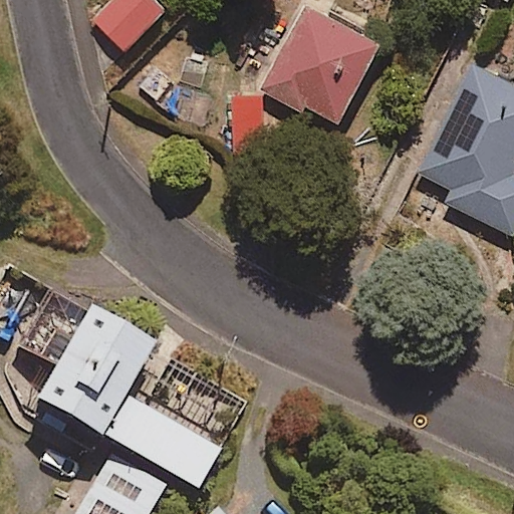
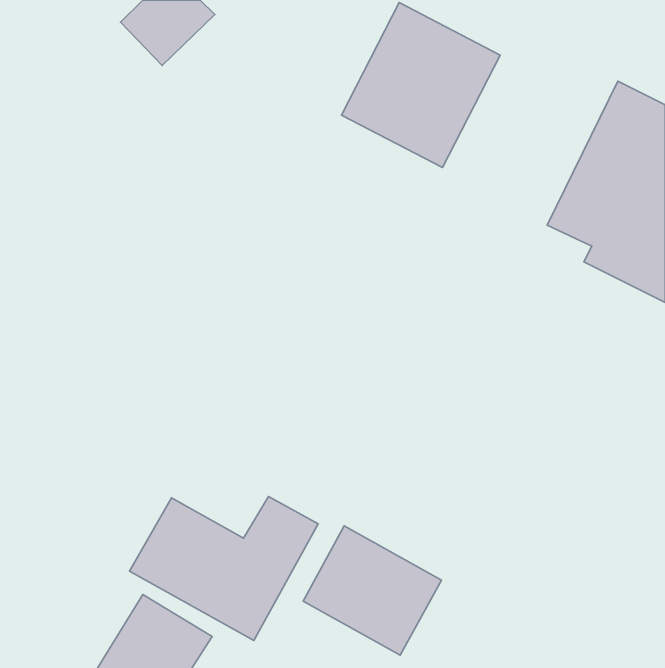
building: [16,287,152,439] -> none
building: none -> [303,526,441,655]

